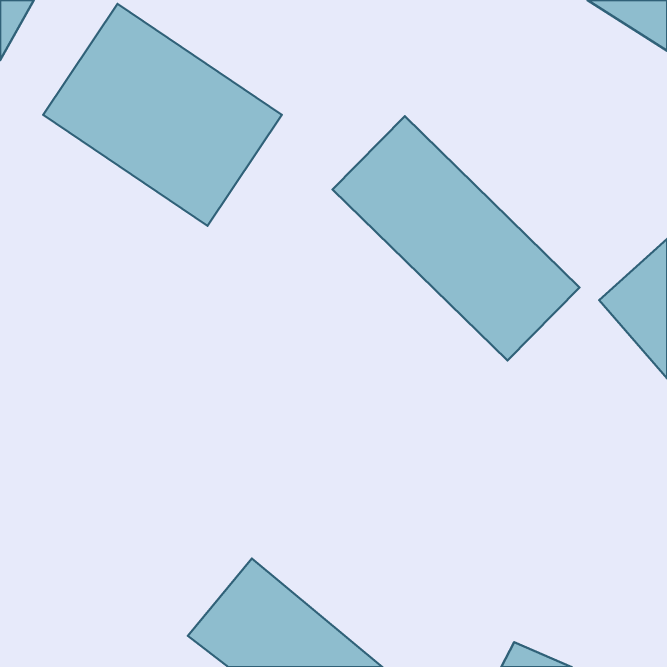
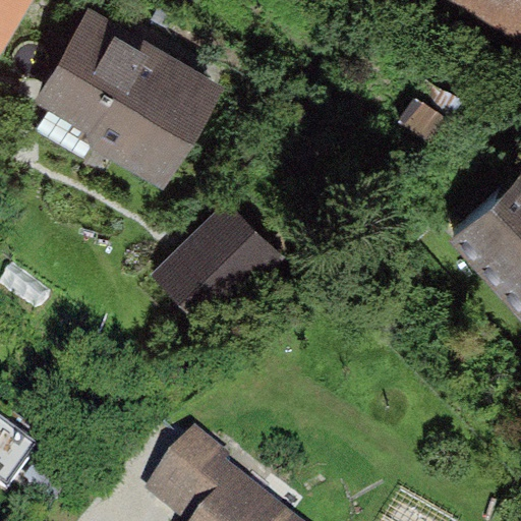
building: [333,116,580,361] -> none
building: none -> [162,212,275,325]

